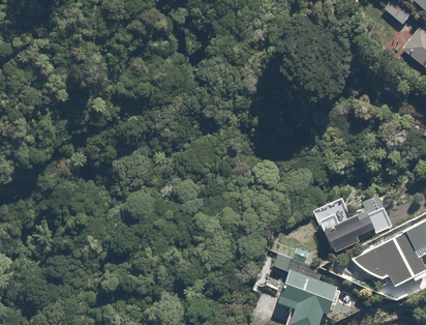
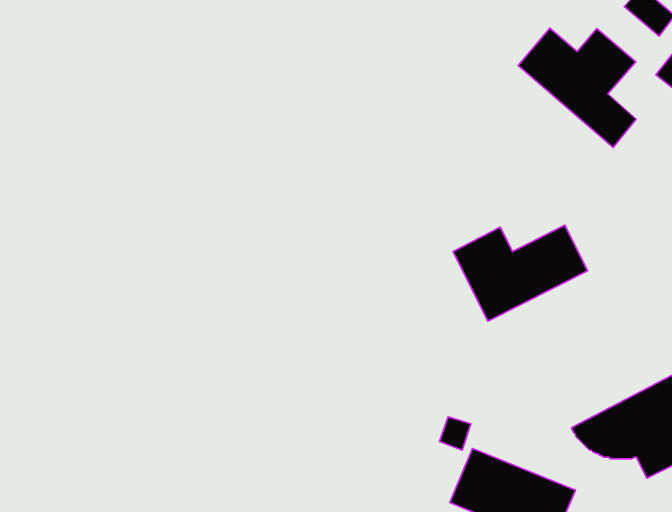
building: none -> [518,28,636,148]
building: [313,195,393,252] -> [453,225,587,321]

